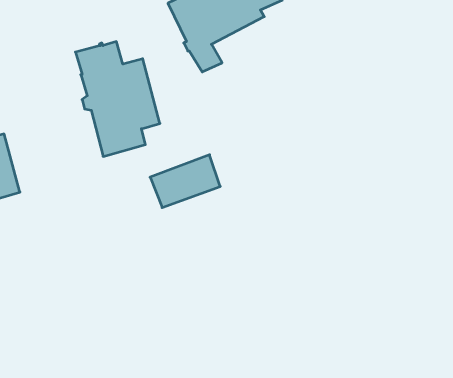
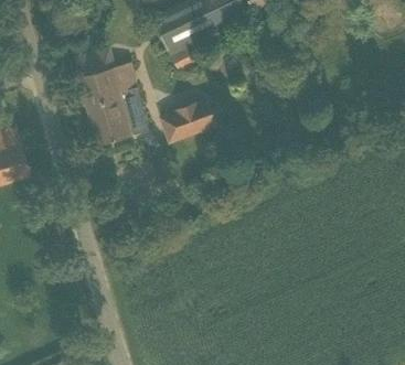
building: [150,155,220,208] -> [158,98,216,142]

